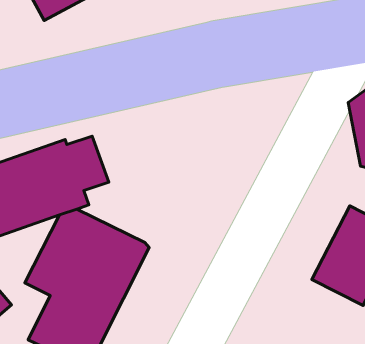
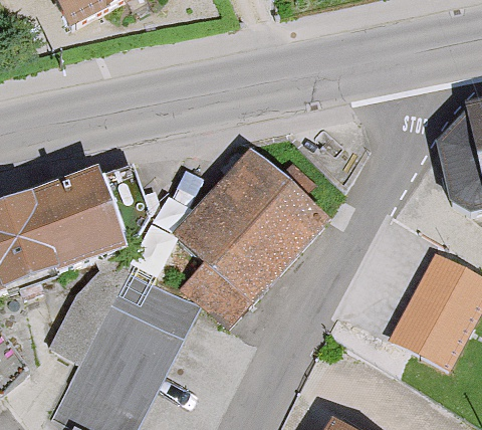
building: none -> [173,149,328,329]

